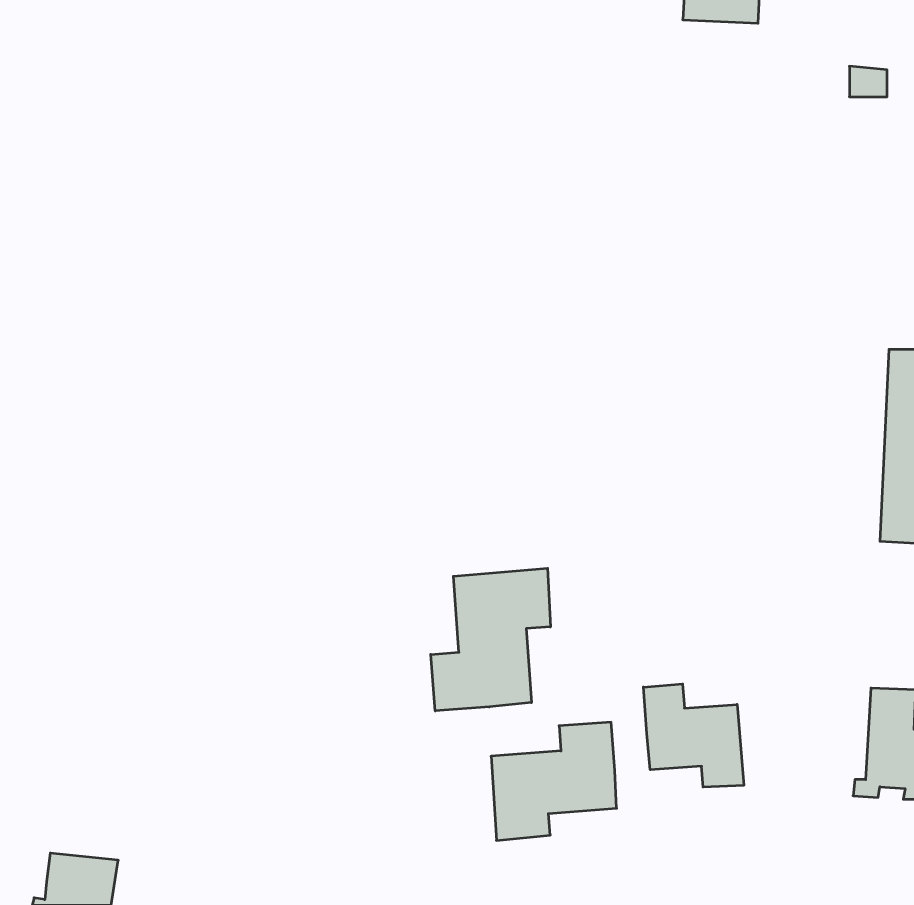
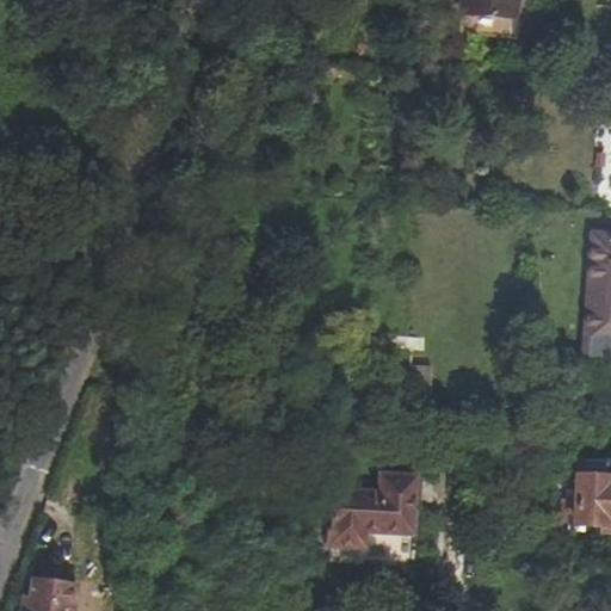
building: [431,568,550,711] -> none
building: [643,684,744,787] -> none

